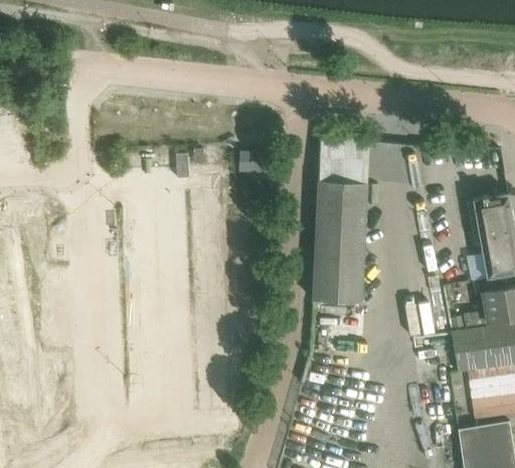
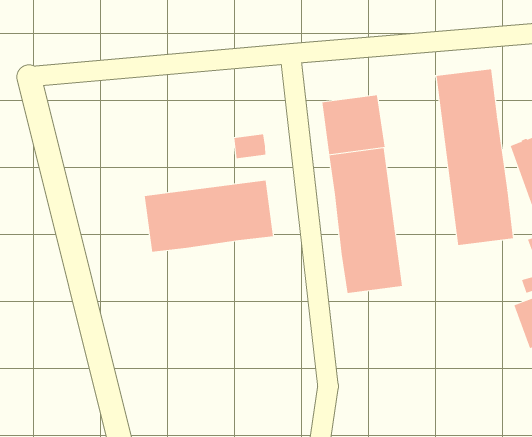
building: none -> [435,69,514,246]
building: none -> [144,179,273,252]

